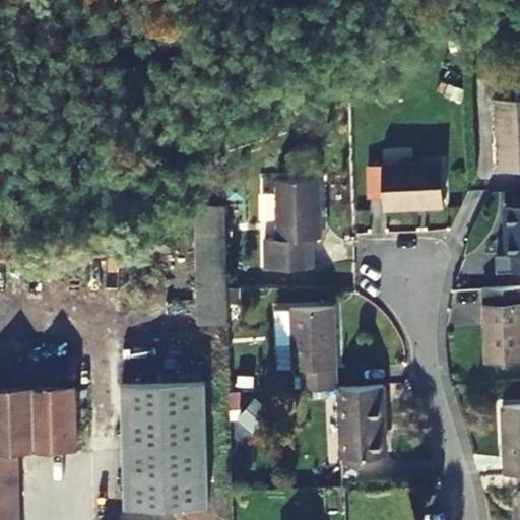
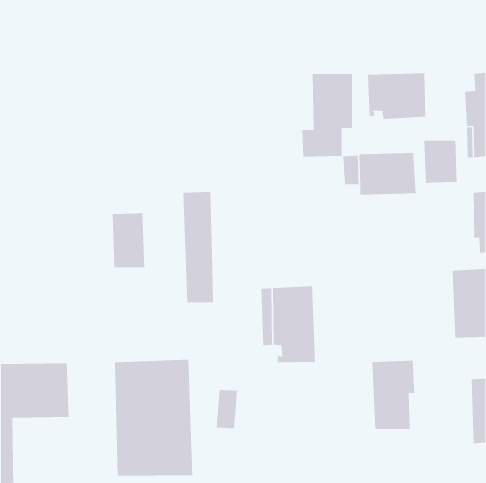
building: none -> [367,72,426,120]
building: none -> [424,140,457,184]
building: [265,182,320,271] -> [301,73,353,157]
building: none -> [112,212,145,268]
building: [339,388,386,462] -> [371,360,415,430]

